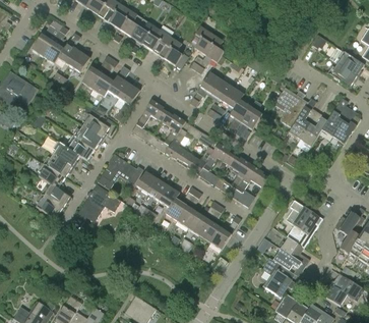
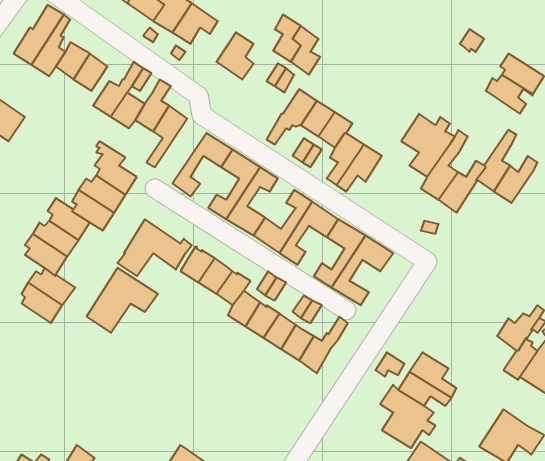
building: [142,29,171,54] -> none
building: [286,201,321,247] -> none

